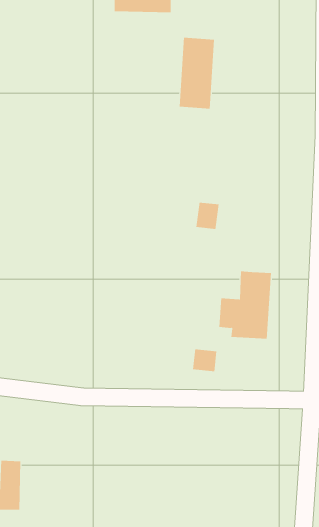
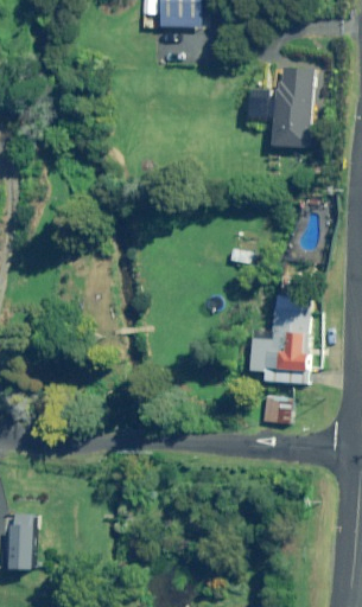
building: [179,37,215,109] -> [272,69,311,147]
building: [192,349,217,372] -> [261,398,288,423]

